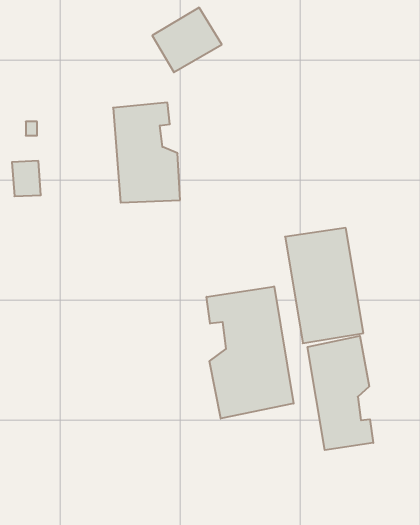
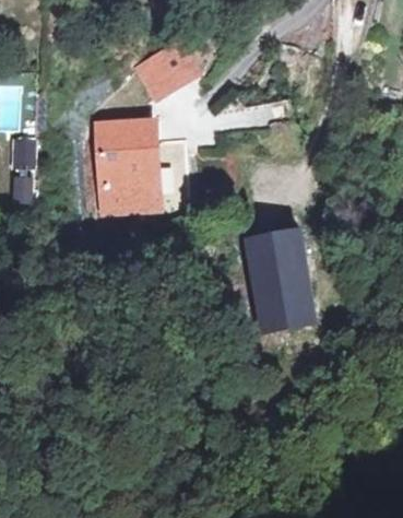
building: [207,286,294,419] -> none
building: [308,336,373,450] -> none

